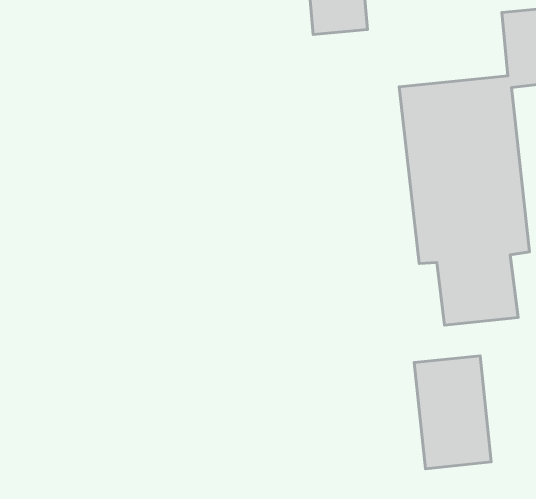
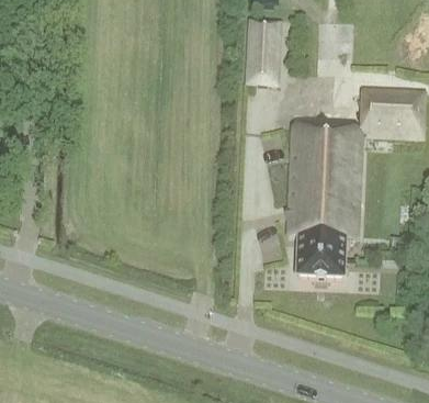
building: [414,356,491,469] -> none

